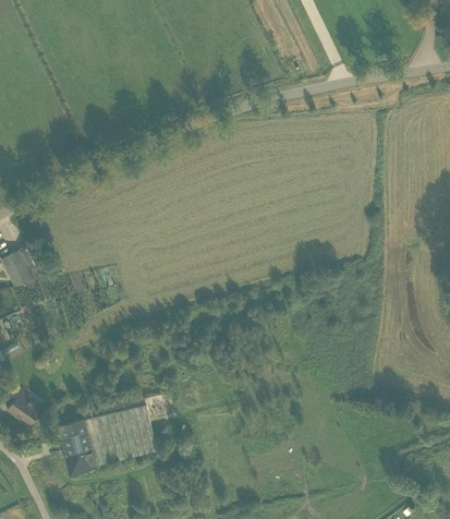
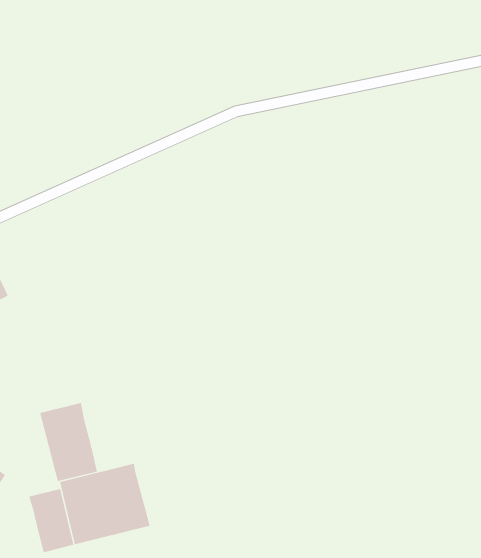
building: none -> [40,402,97,482]

